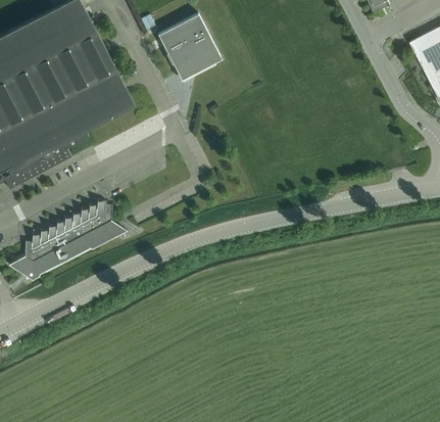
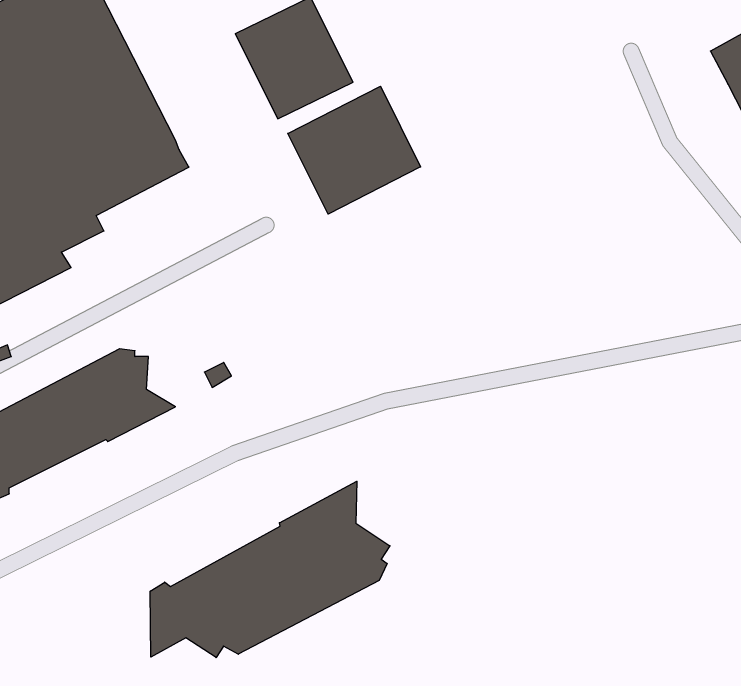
building: none -> [288,86,421,214]
building: none -> [150,481,390,658]

